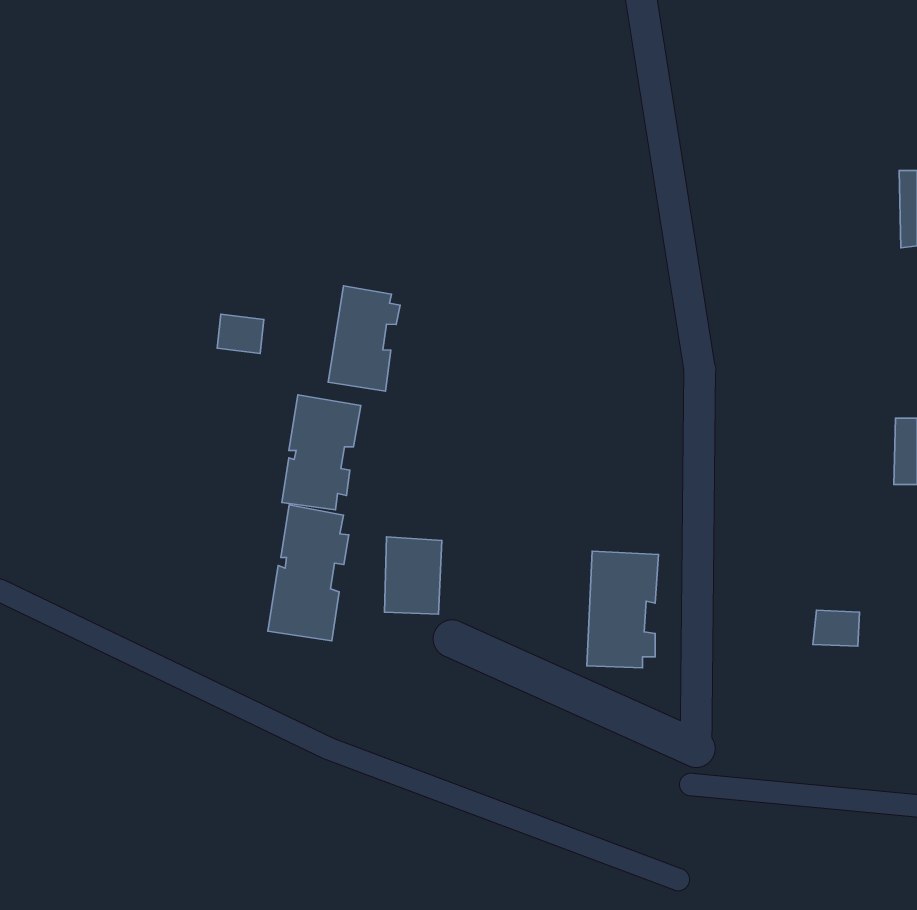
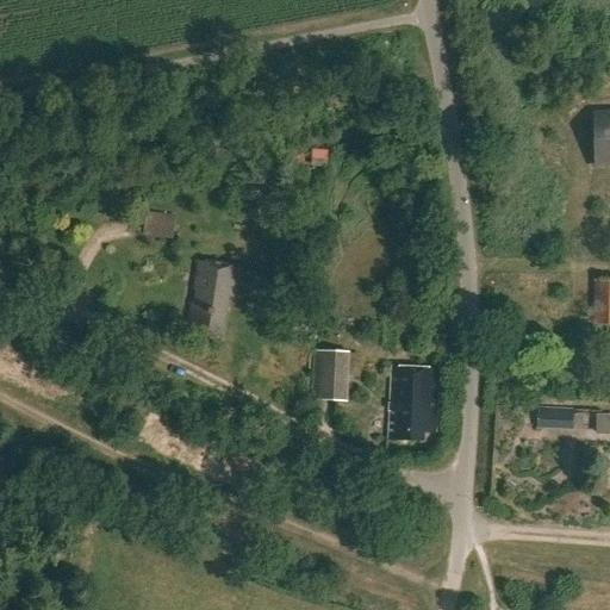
building: [328,286,400,391] -> none
building: [268,505,349,641] -> none
building: [385,537,442,614] -> [313,348,351,399]

